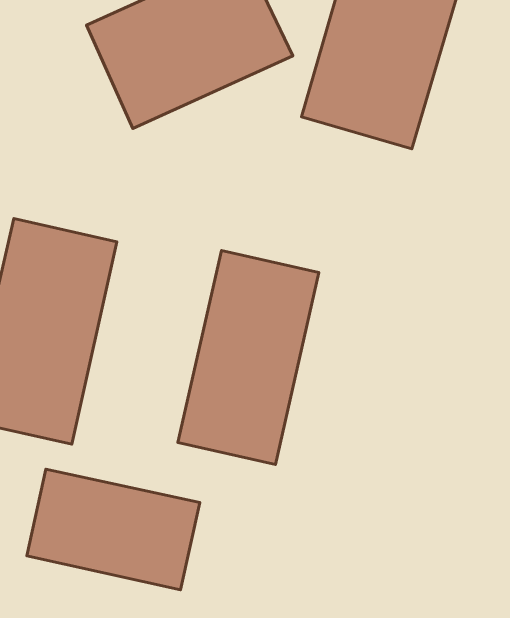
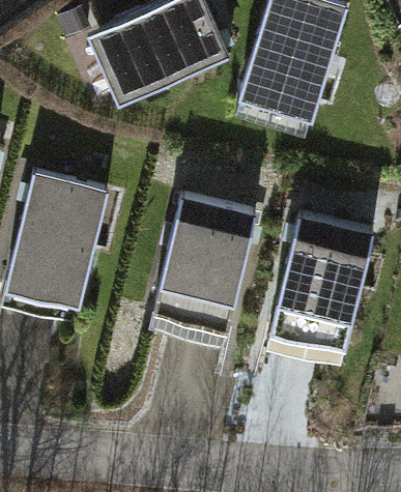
building: none -> [271,210,370,363]
building: [27,469,200,590] -> none

